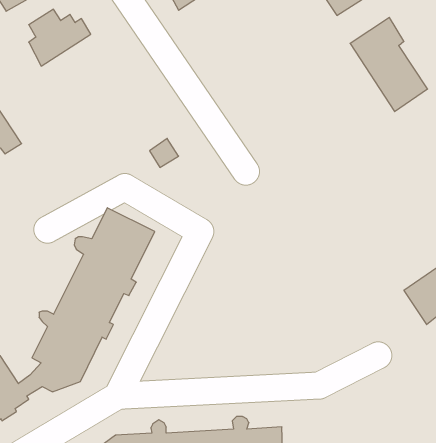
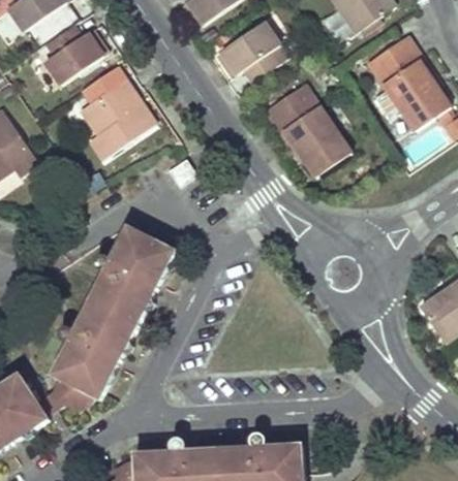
building: none -> [217,24,278,82]
building: none -> [81,79,156,159]
building: none -> [264,85,349,174]

